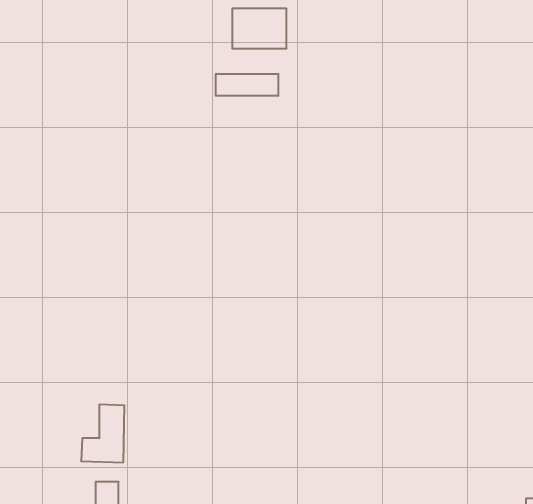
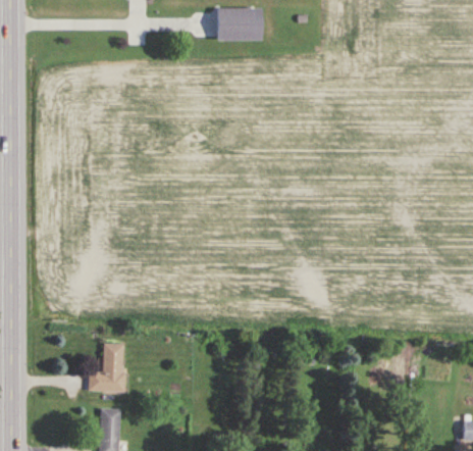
building: [216,74,278,96] -> none

